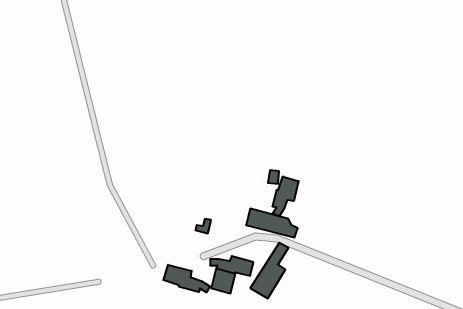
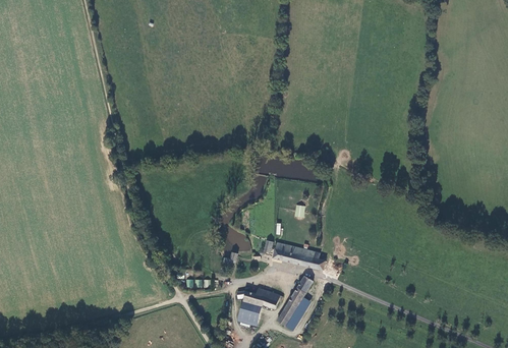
building: [273,176,299,216] -> none
building: [163,265,210,292] -> none

